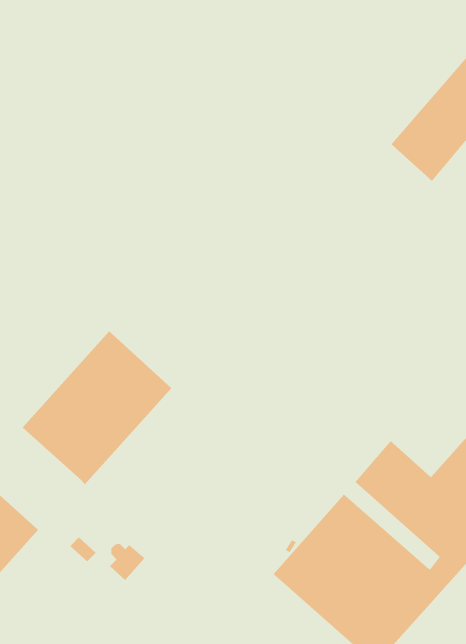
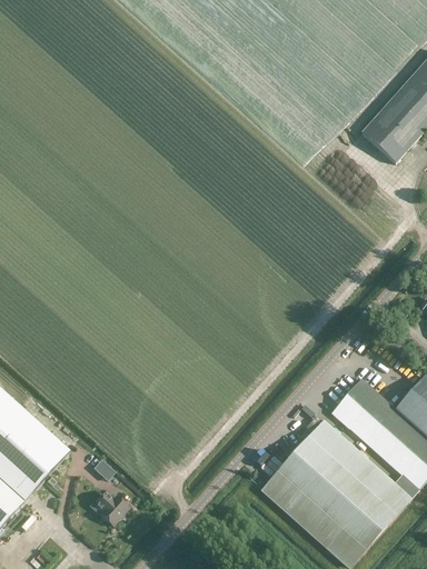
building: [22,331,172,485] -> none
building: [109,543,145,581] -> [99,493,129,525]

